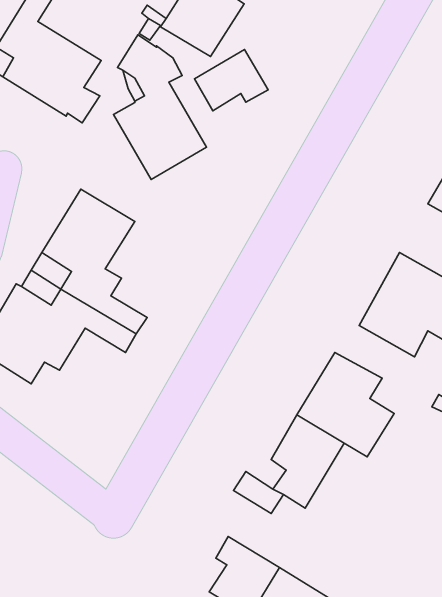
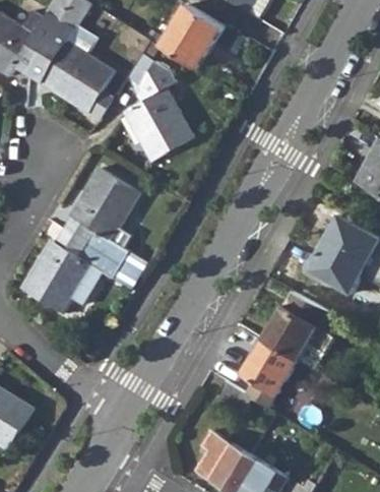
building: [194,49,268,111] -> none

